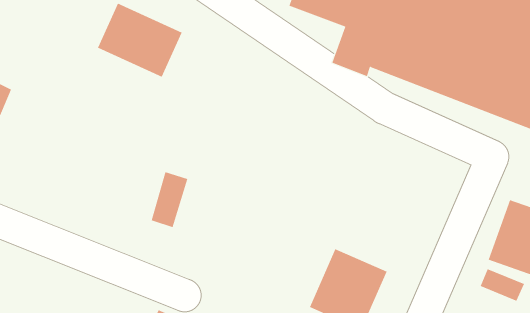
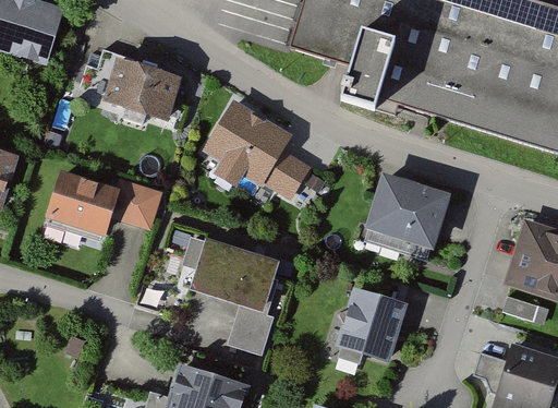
building: none -> [208,101,311,195]
building: none -> [43,171,162,236]
building: none -> [365,173,450,248]
building: none -> [196,245,281,351]

